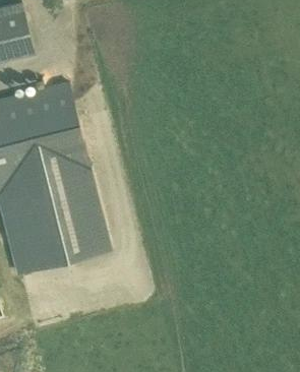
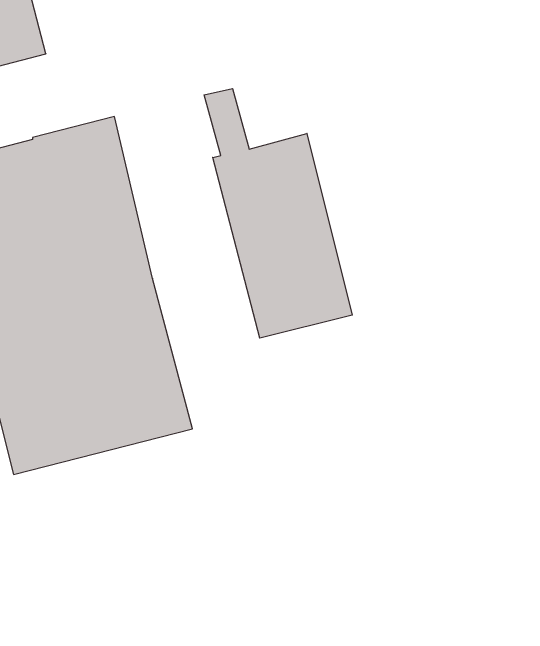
building: none -> [204,89,352,338]

